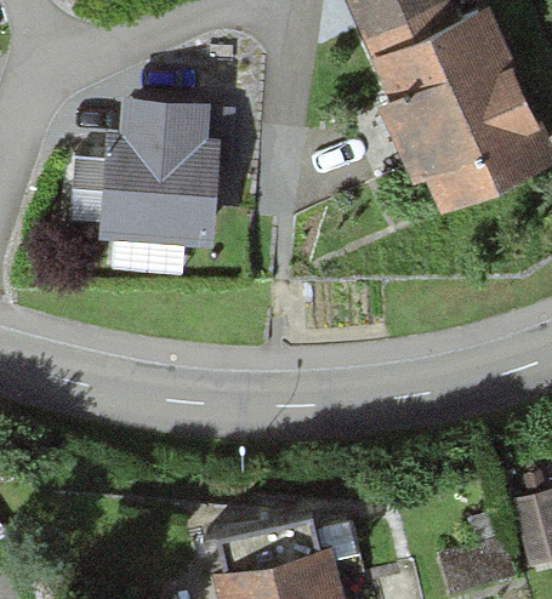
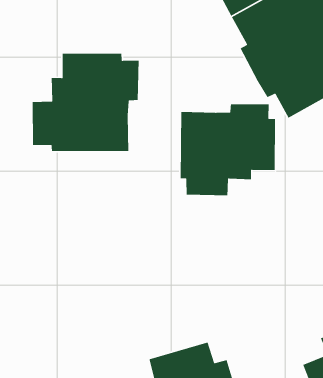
building: none -> [180,103,276,196]

